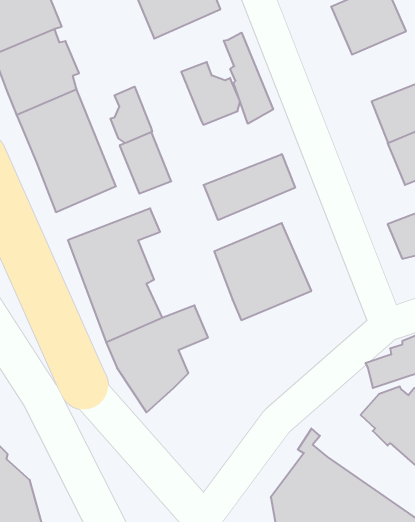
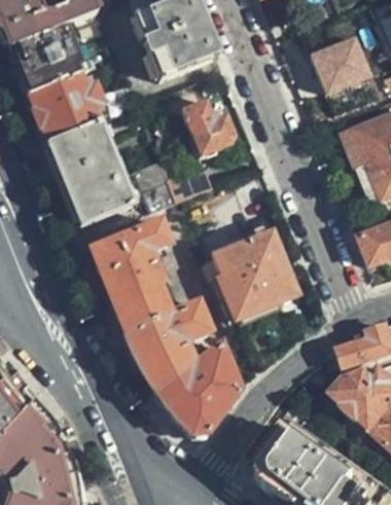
building: [224,33,273,124] -> none
building: [111,87,152,143] -> none
building: [203,154,295,220] -> none
building: none -> [155,345,239,435]

